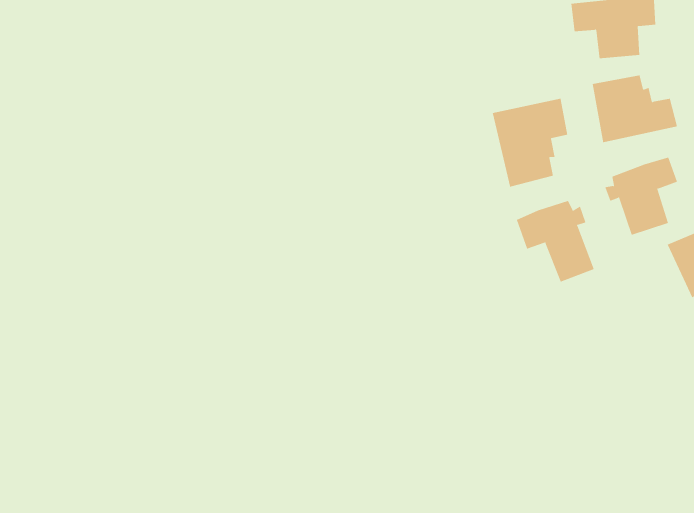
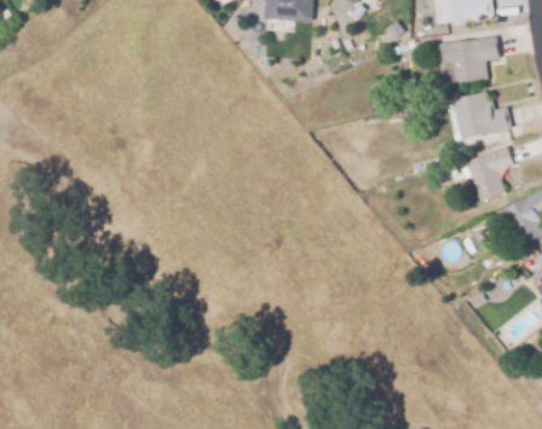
building: [492,98,568,187] -> none
building: [516,200,594,283] -> none

